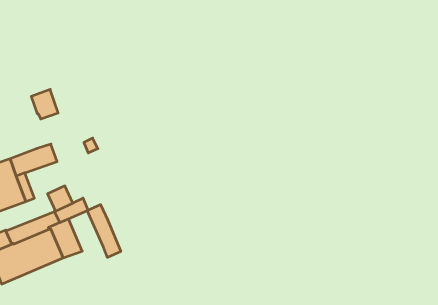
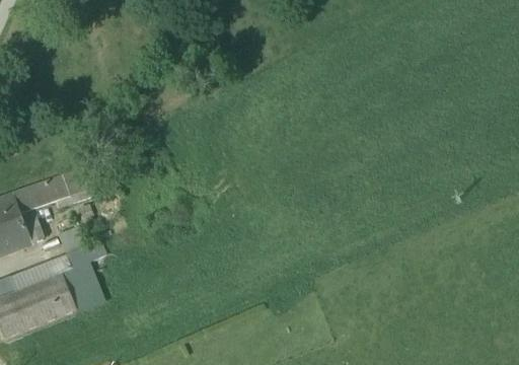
building: [31,89,58,119] -> [62,168,93,203]
building: [87,205,121,257] -> none

